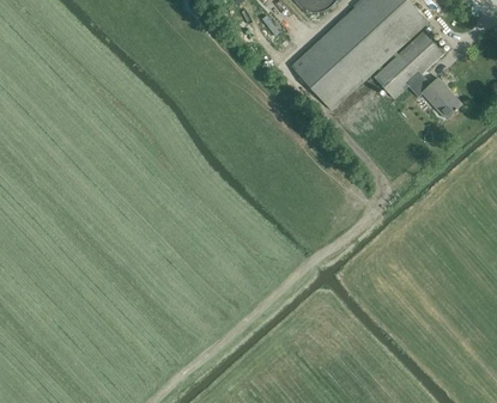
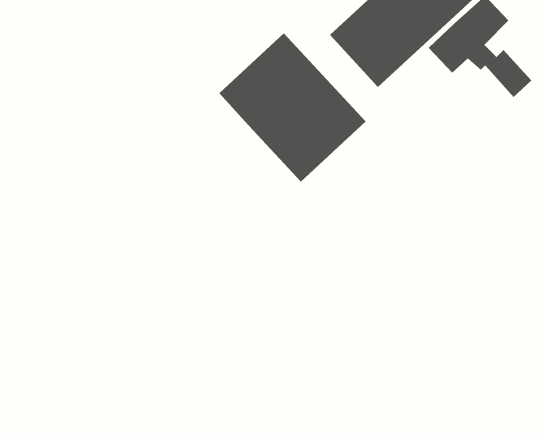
building: none -> [219,32,366,182]

